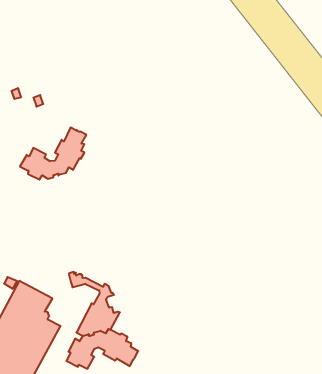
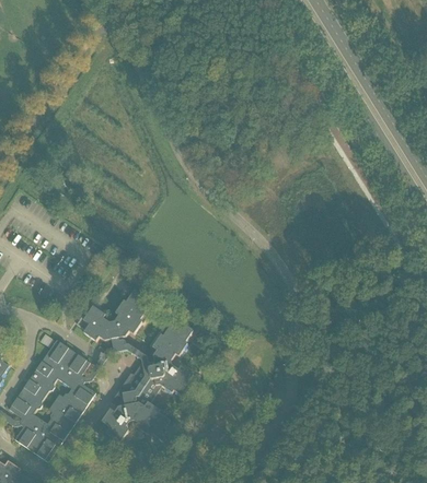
building: [20,128,86,180] -> [76,287,151,340]
building: none -> [148,323,192,394]

